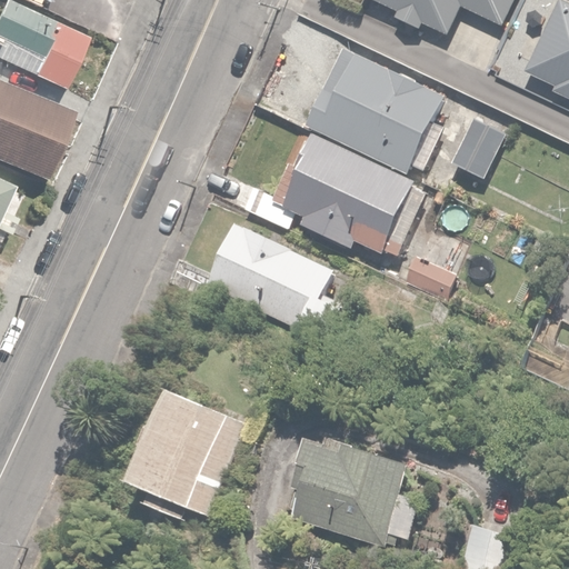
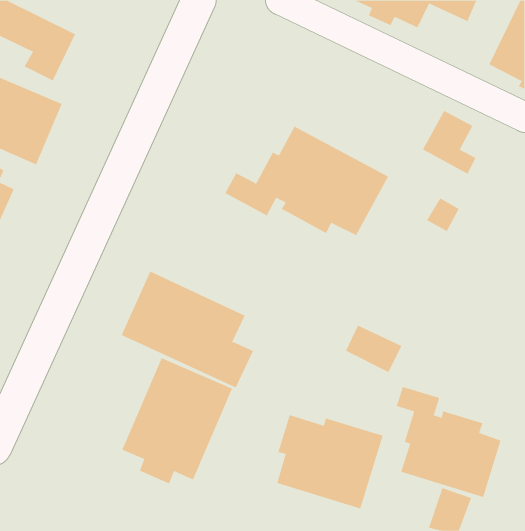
building: [308,49,446,172] -> none
building: [202,221,345,347] -> [121,271,254,388]
building: [399,252,460,303] -> [345,325,402,373]
building: none -> [396,386,501,498]

